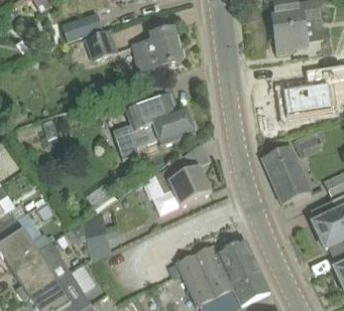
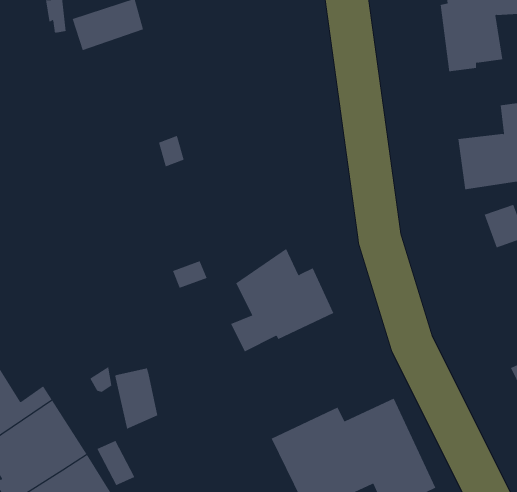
building: [130,26,182,76] -> none
building: [83,27,117,60] -> none
building: [114,93,195,158] -> none
building: [261,143,311,202] -> none

